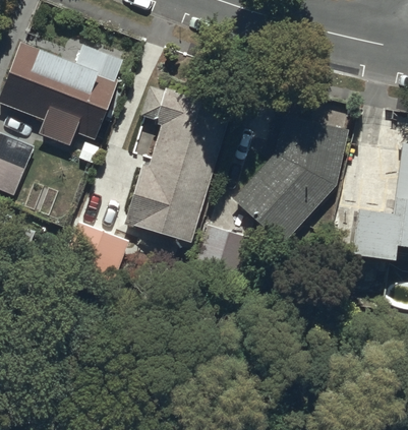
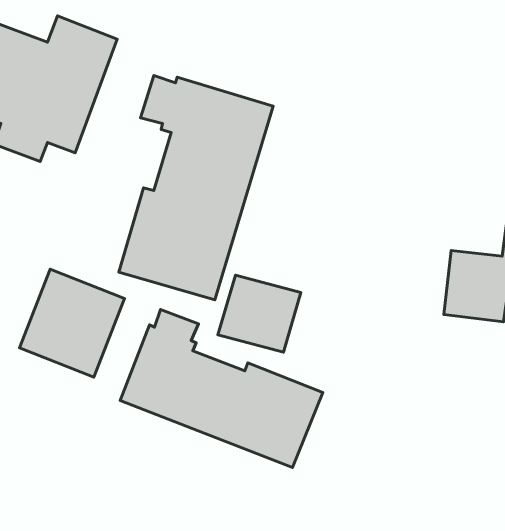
building: [233,116,348,244] -> none
building: none -> [120,309,323,468]

